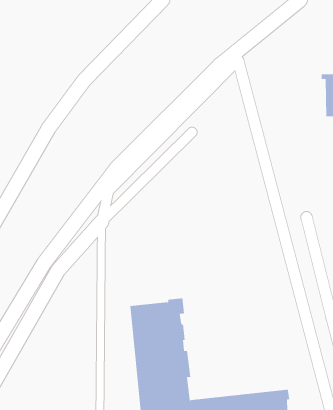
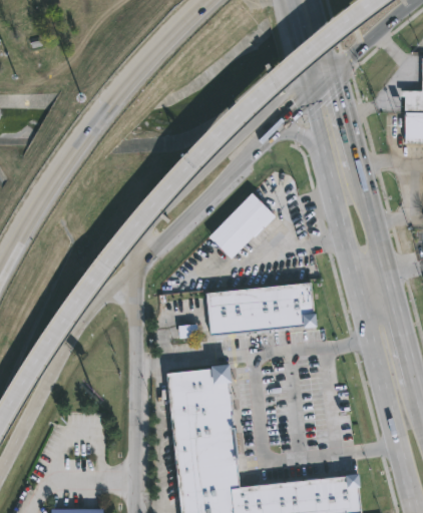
building: none -> [202,191,272,268]
building: none -> [206,282,319,336]

